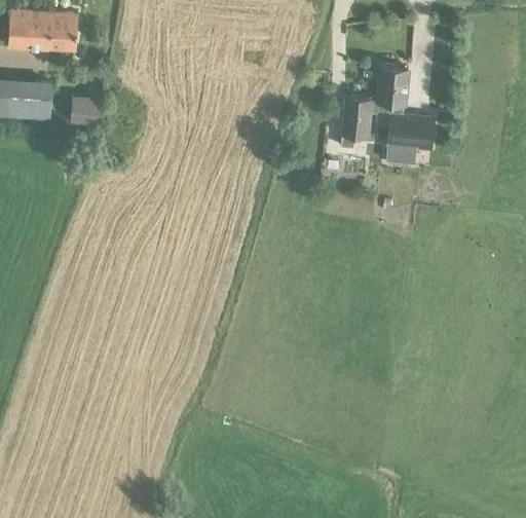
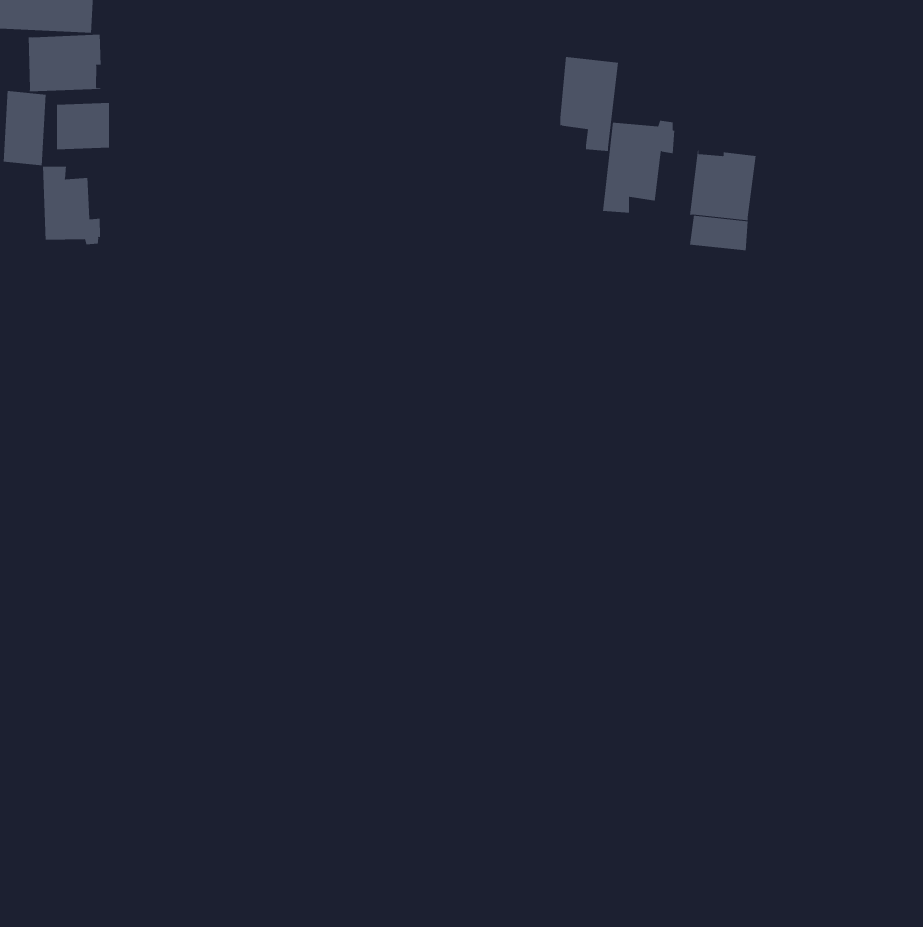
building: none -> [28,34,101,92]
building: [378,67,409,116] -> [559,56,619,151]
building: none -> [42,166,100,245]

